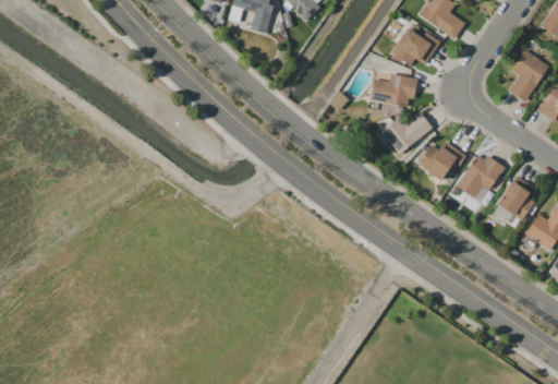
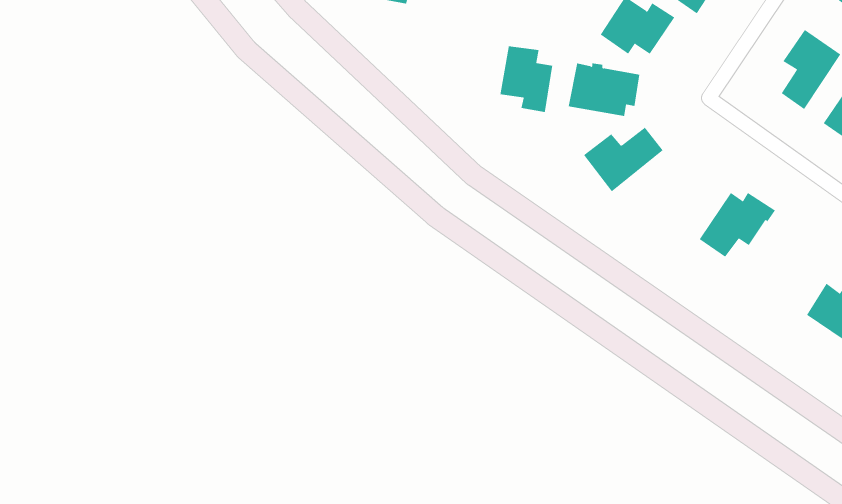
building: none -> [500,46,553,113]
building: [418,141,466,189] -> none
building: [498,176,535,220] -> none

